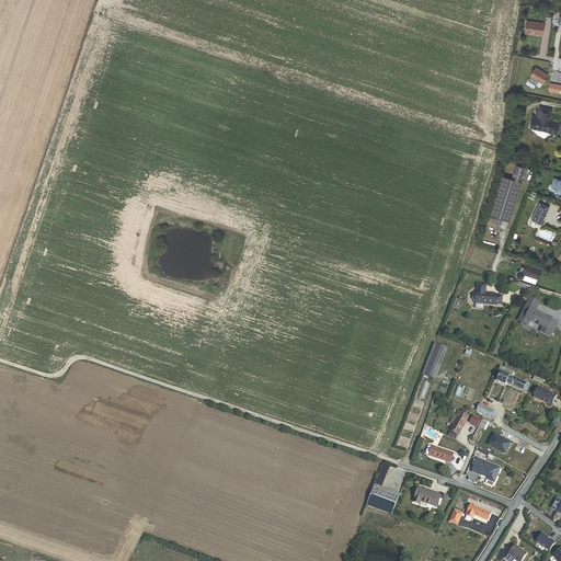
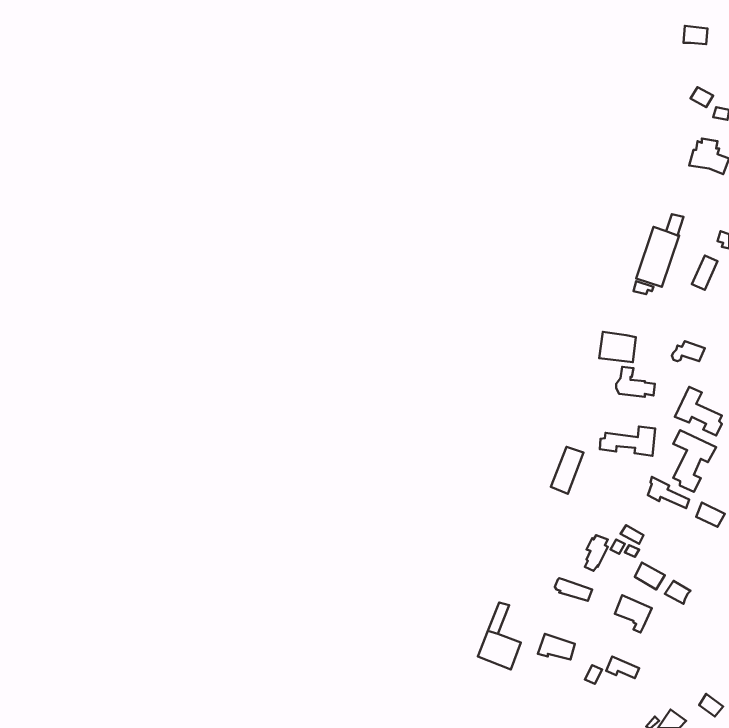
building: none -> [599,332,636,362]
building: none -> [600,427,655,456]
building: none -> [673,430,716,492]

